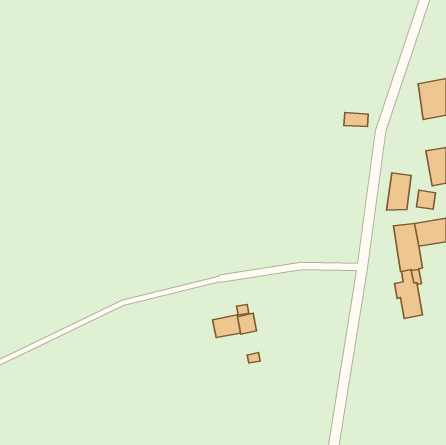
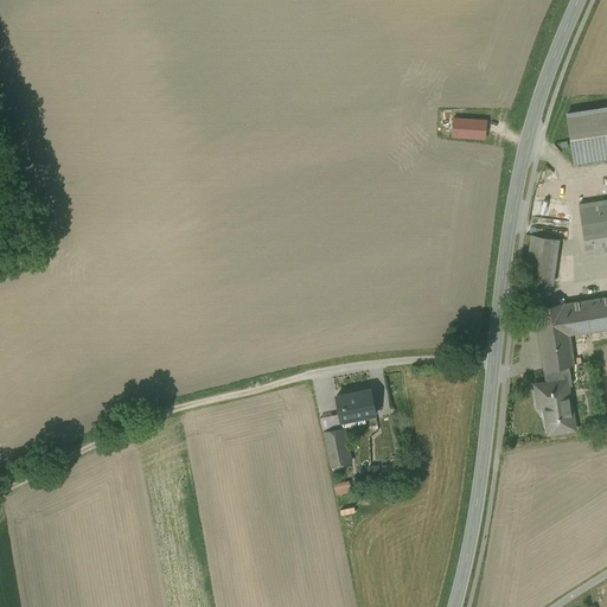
building: [344,113,368,126] -> [454,120,487,139]
building: [417,190,435,209] -> none
building: [213,315,241,337] -> [337,390,375,421]

